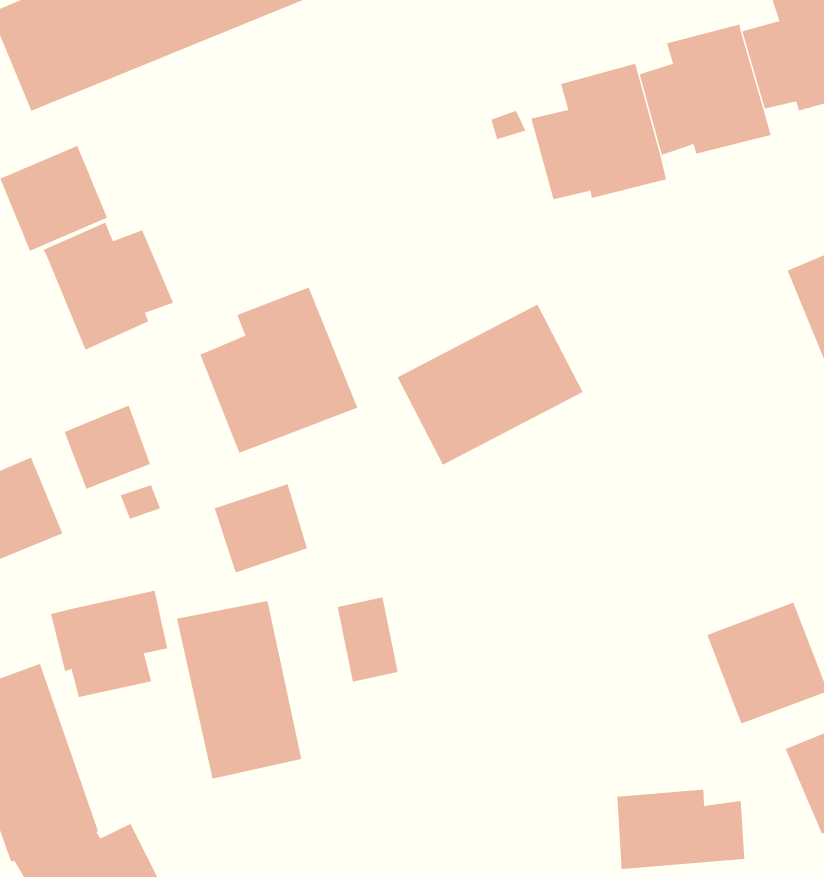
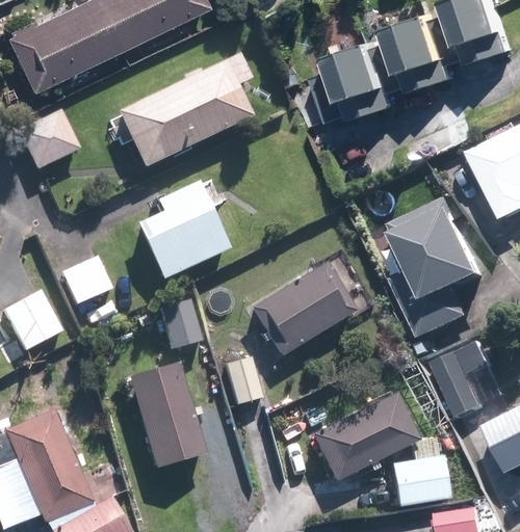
building: none -> [112,56,249,172]
building: [43,222,174,351] -> none
building: [397,304,583,465] -> [249,265,356,361]
building: none -> [386,197,483,342]
building: [51,590,168,698] -> none
building: none -> [309,395,416,482]

